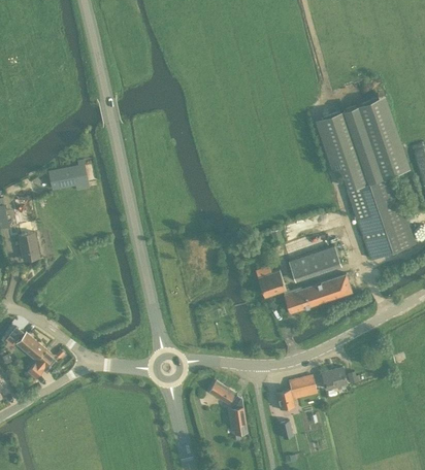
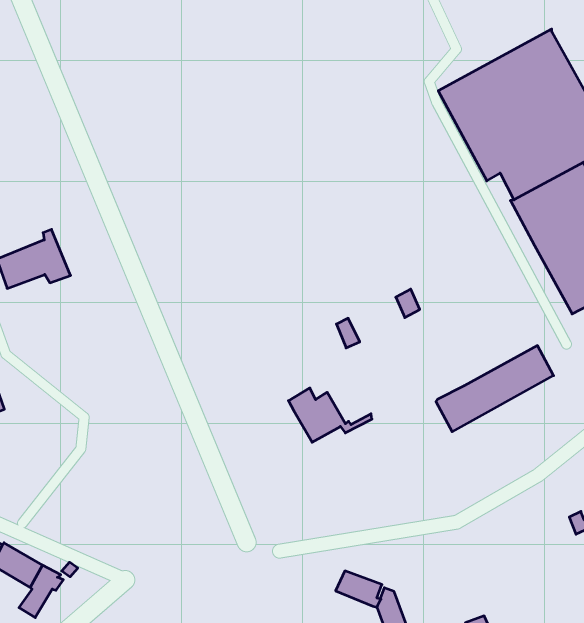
building: [288,246,340,282] -> none
building: [255,266,300,297] -> [288,388,372,442]
building: [321,368,346,391] -> none
building: [275,375,316,409] -> none

